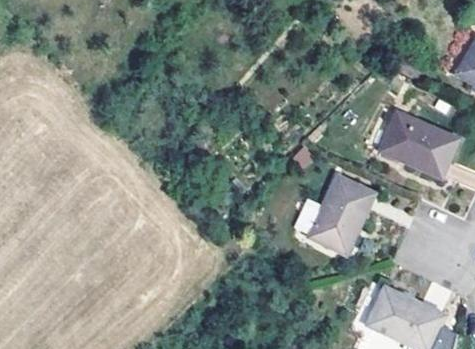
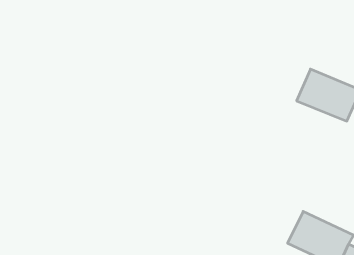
building: [307,175,375,255] -> none

